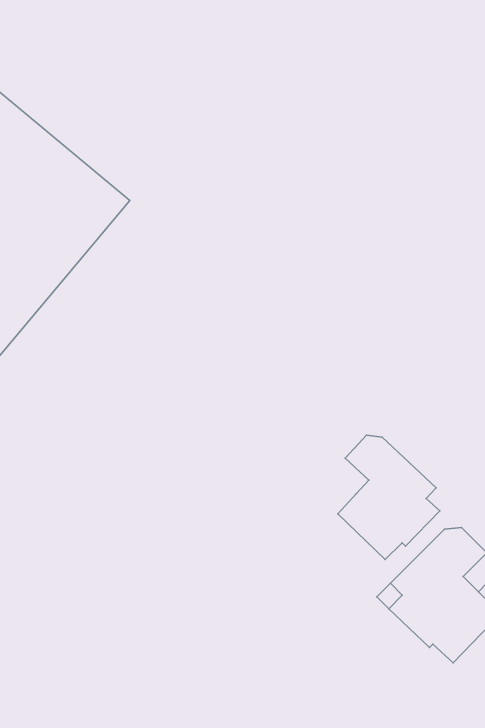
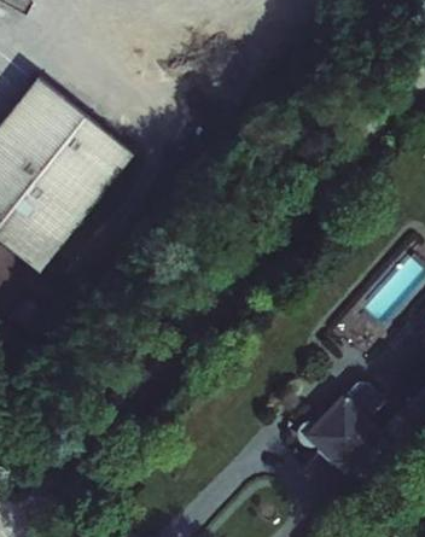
building: [338,435,440,560] -> none

